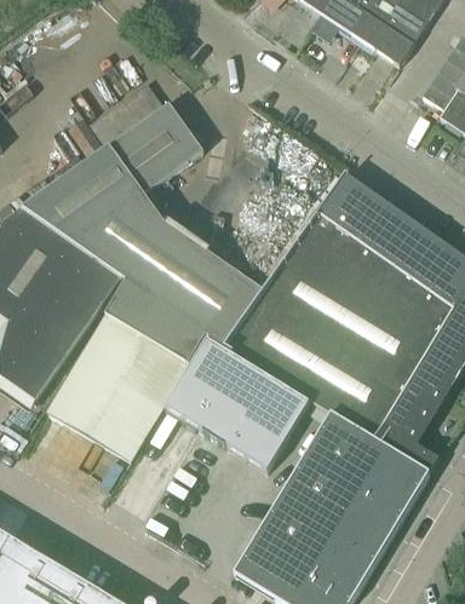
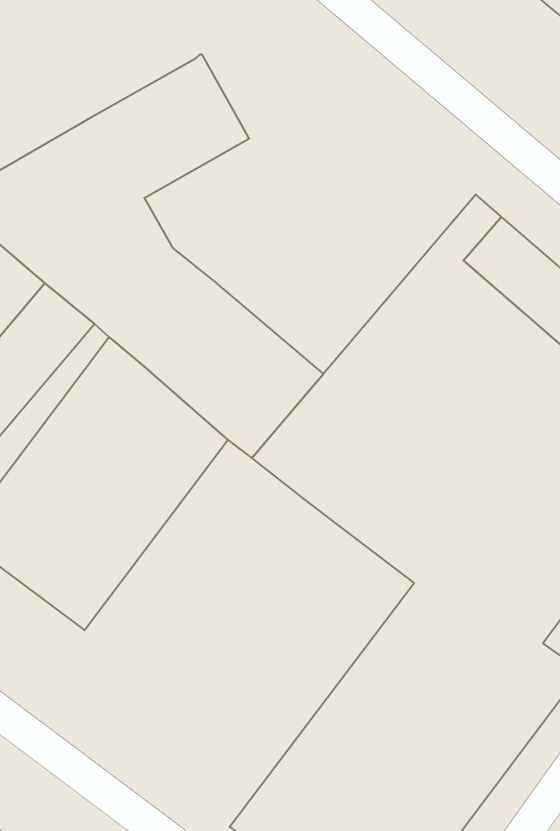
building: [86,80,165,148] -> none
building: [167,339,309,470] -> none

